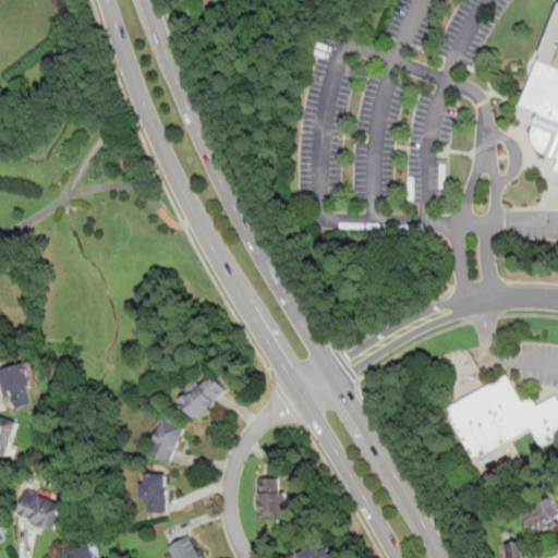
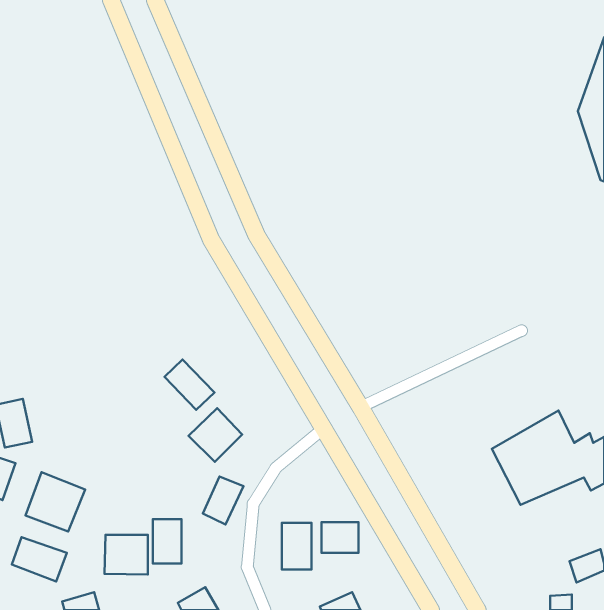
building: none -> [165,359,214,410]
building: [146,418,183,462] -> [203,477,243,524]
building: none -> [25,472,85,531]
building: none -> [322,522,358,553]
building: none -> [105,535,148,575]

